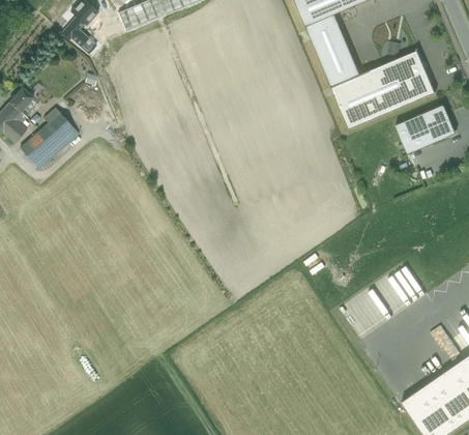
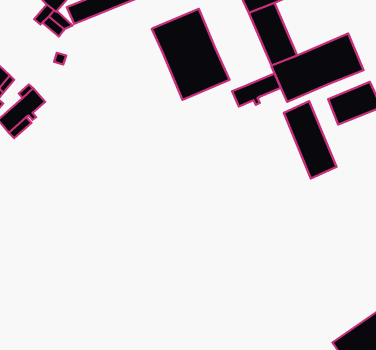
building: none -> [152,9,229,100]
building: none -> [232,74,281,107]
building: none -> [284,101,336,179]

